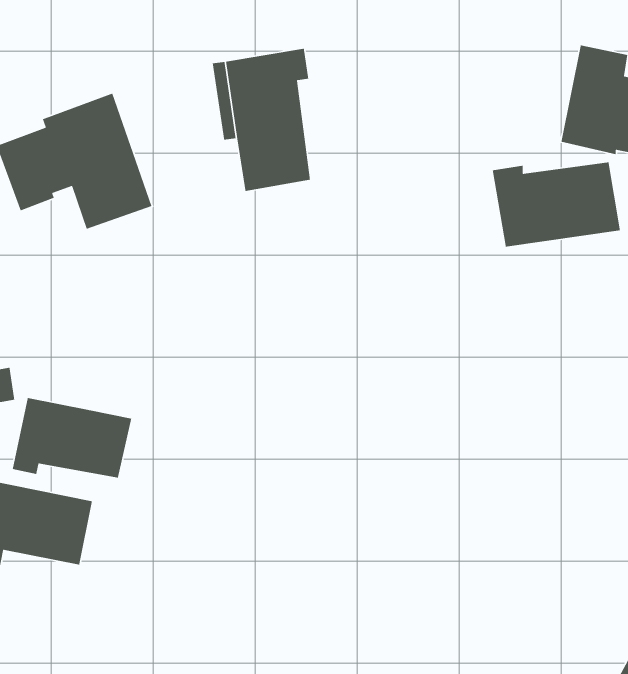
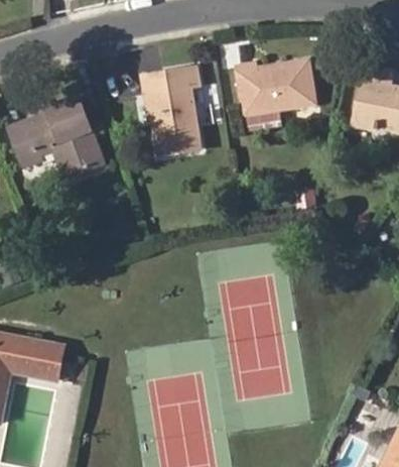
building: [492,161,621,247] -> [236,62,314,114]
building: [12,397,132,478] -> none

